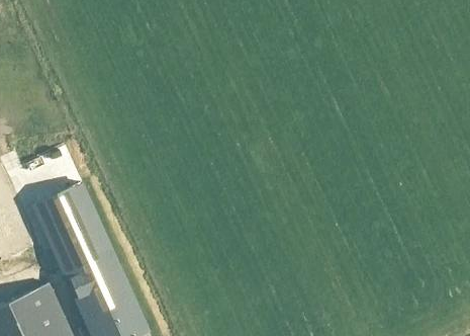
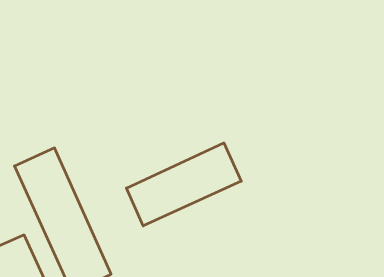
building: none -> [126,143,241,226]

